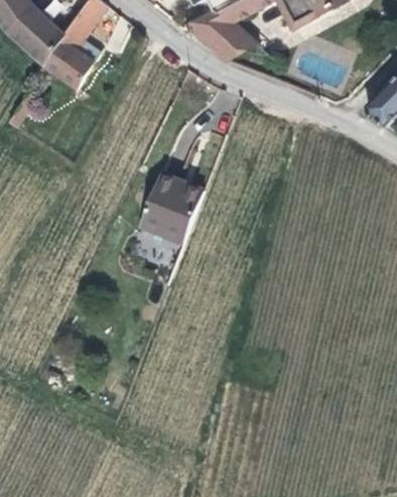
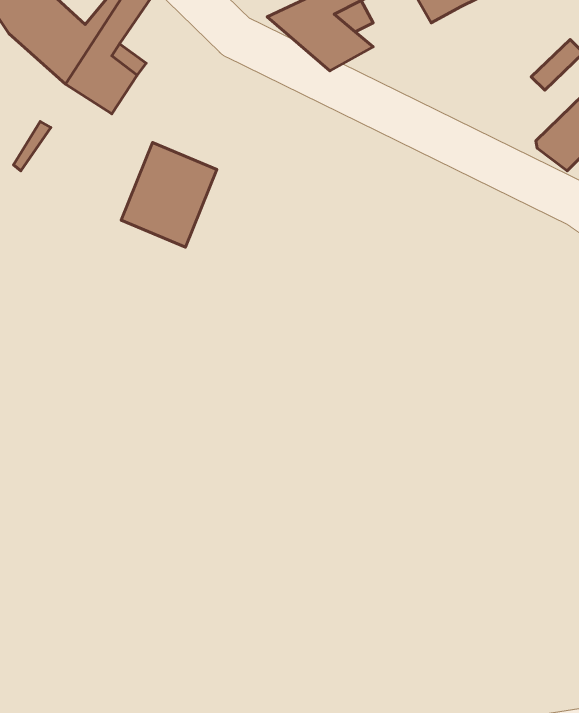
building: [140,173,205,244] -> [121,143,217,247]

